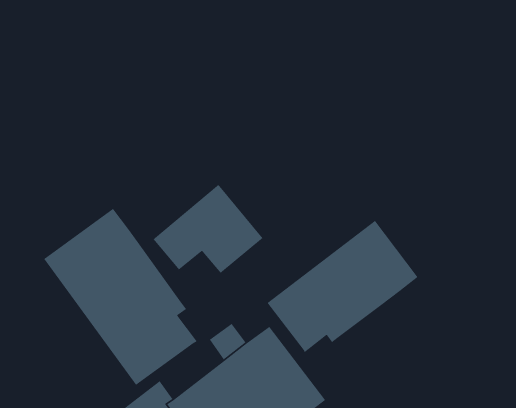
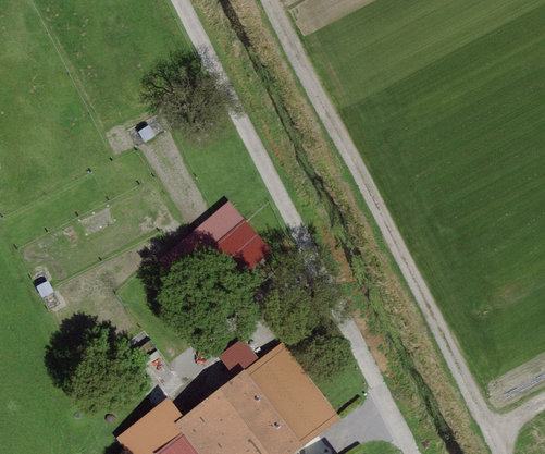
building: [43,208,198,386] -> none
building: [267,220,419,353] -> none

